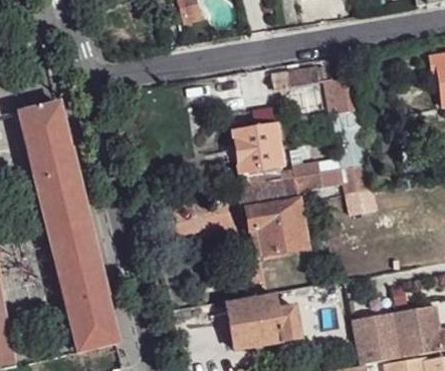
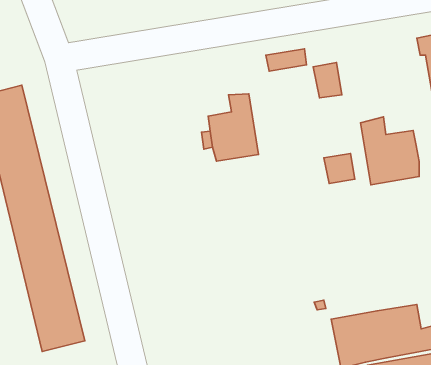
building: none -> [360,117,419,185]
building: [239,172,324,260] -> none
building: [226,294,298,347] -> none

